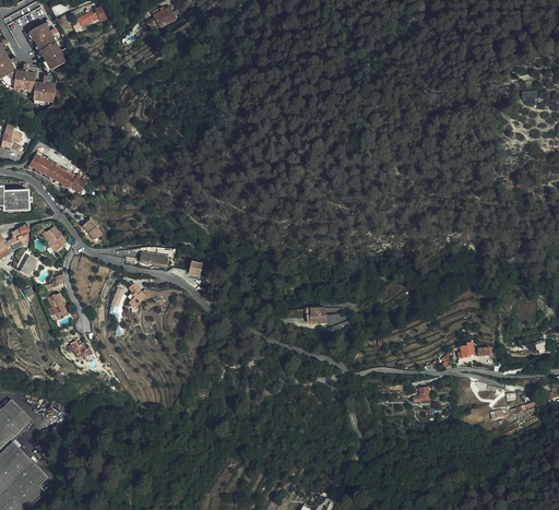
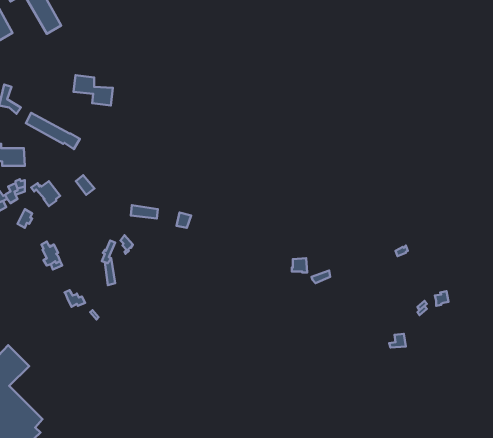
building: [13,70,55,102] -> [73,75,113,105]

